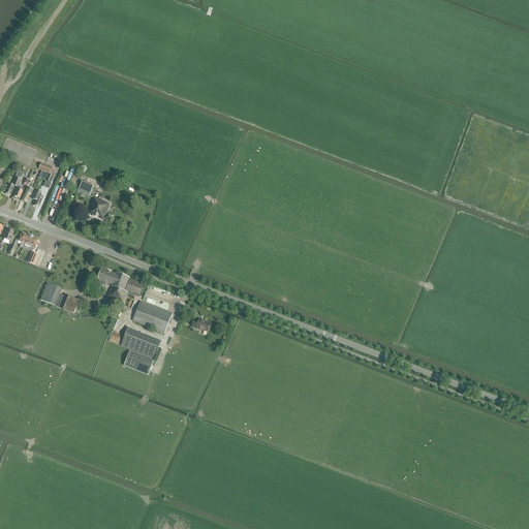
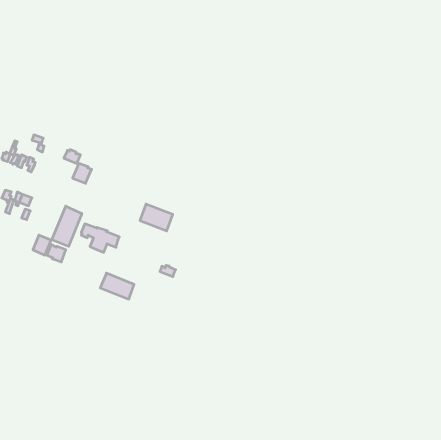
building: none -> [52,206,82,246]
building: [132,300,172,332] -> [140,204,173,231]
building: [123,349,153,373] -> none

